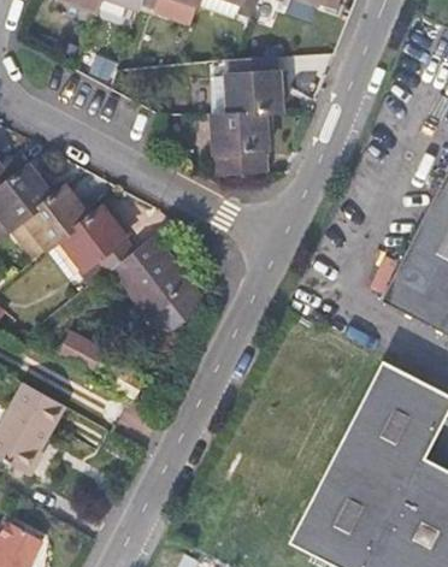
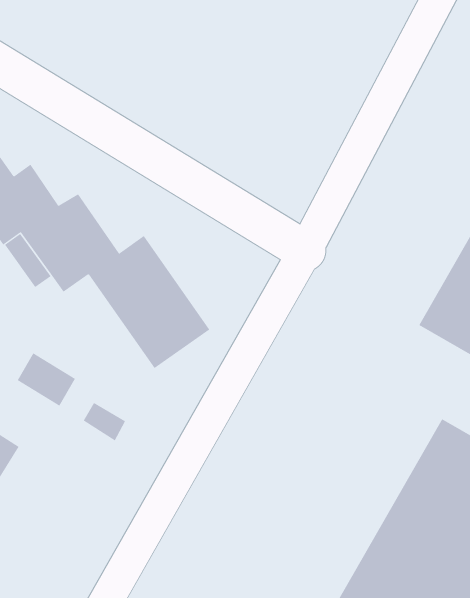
building: [211,59,279,167] -> none

